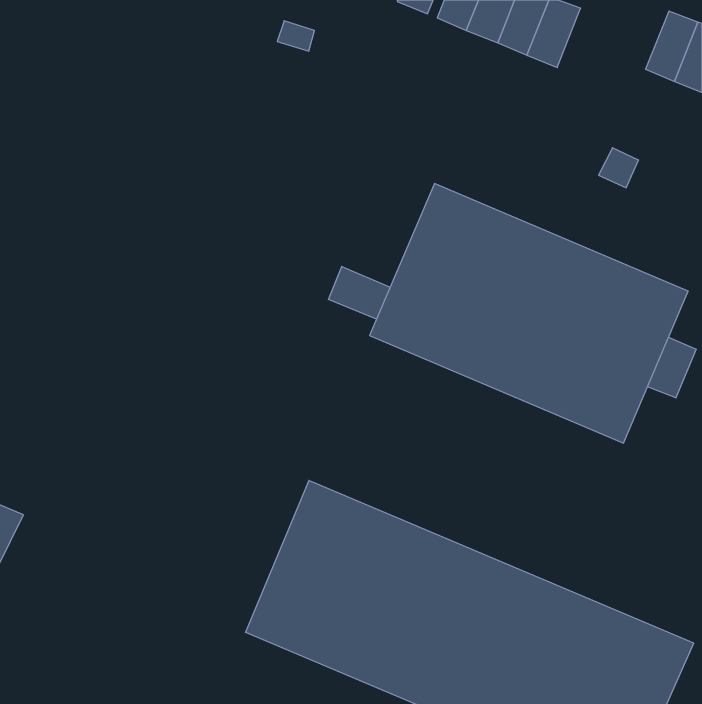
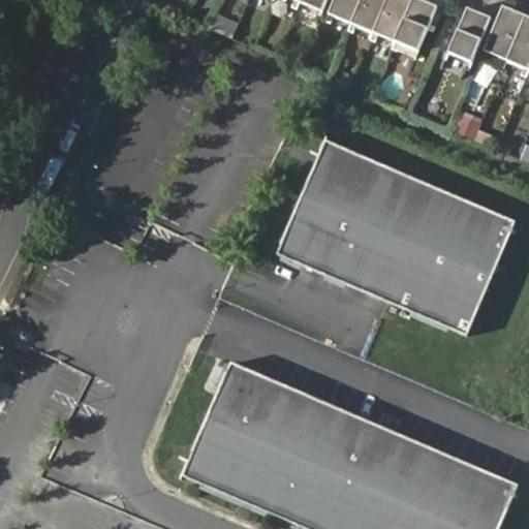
building: none -> [446,10,488,64]
building: [329,266,390,319] -> none
building: [648,337,696,398] -> none

